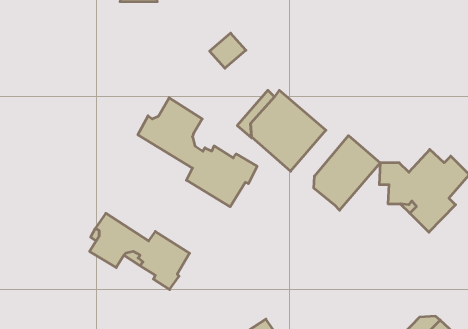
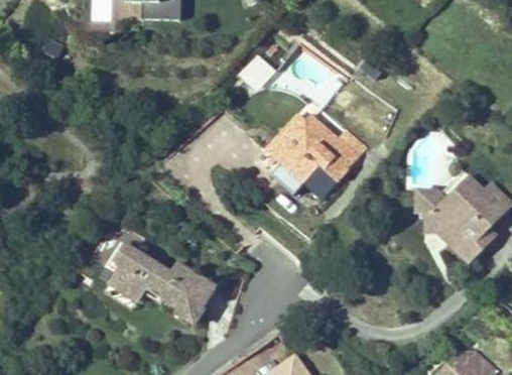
building: [138,98,257,207] -> none
building: [314,136,380,210] -> none

